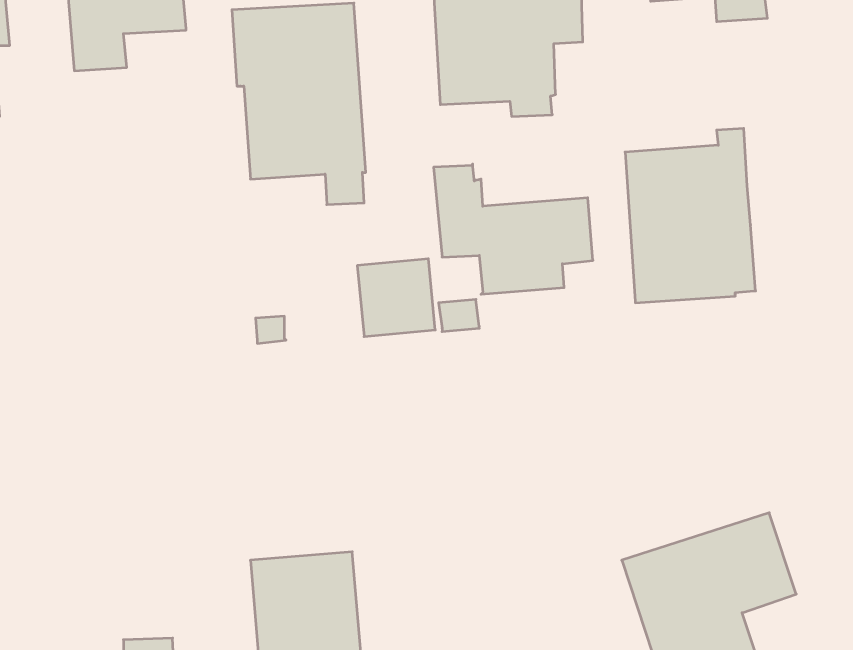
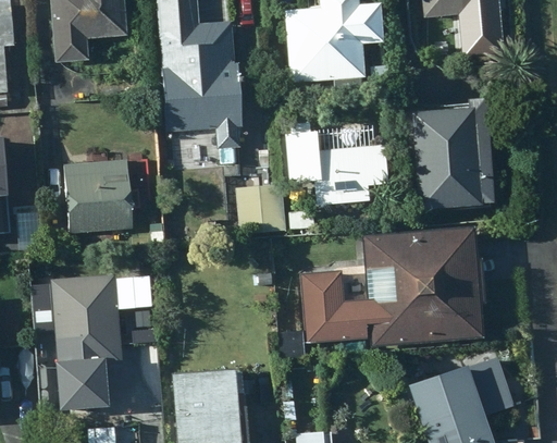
building: none -> [66,158,132,232]
building: none -> [300,226,481,346]
building: none -> [50,274,123,411]

